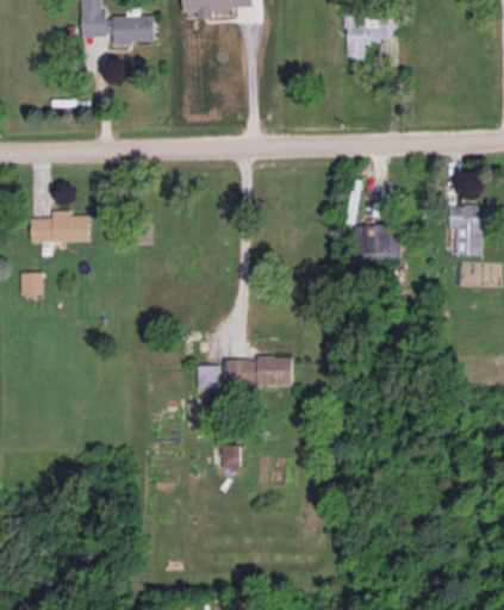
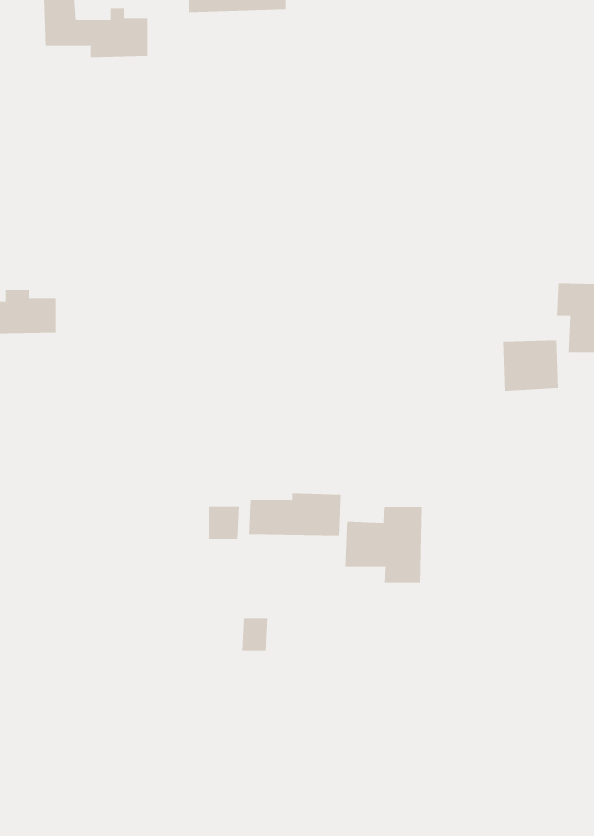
building: [344,13,396,62] -> none
building: [359,224,399,261] -> [502,340,559,391]
building: none -> [345,506,422,583]

